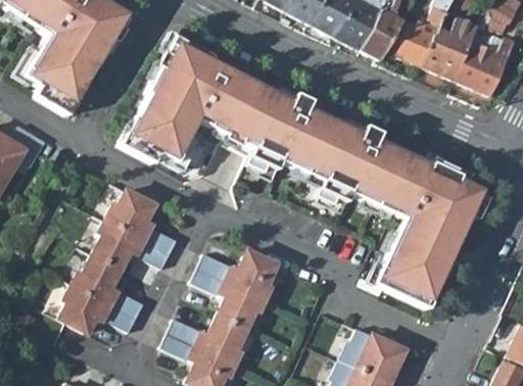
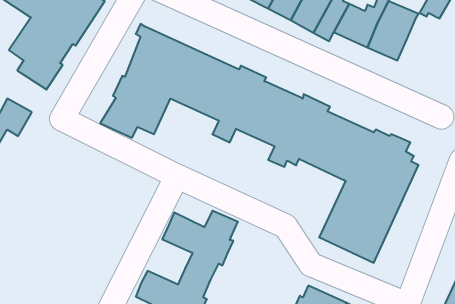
building: [458,34,517,96] -> none
building: [58,193,179,335] -> none

